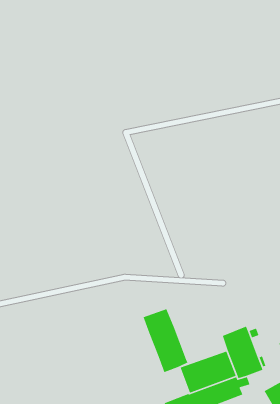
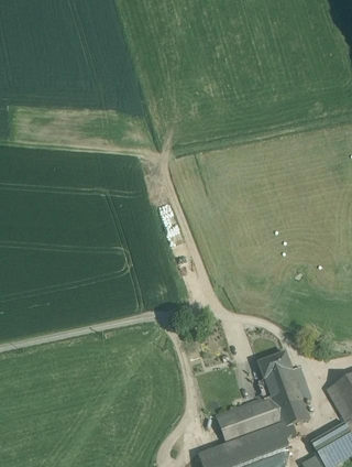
building: [142,308,188,373] -> none
building: none -> [257,351,292,379]

